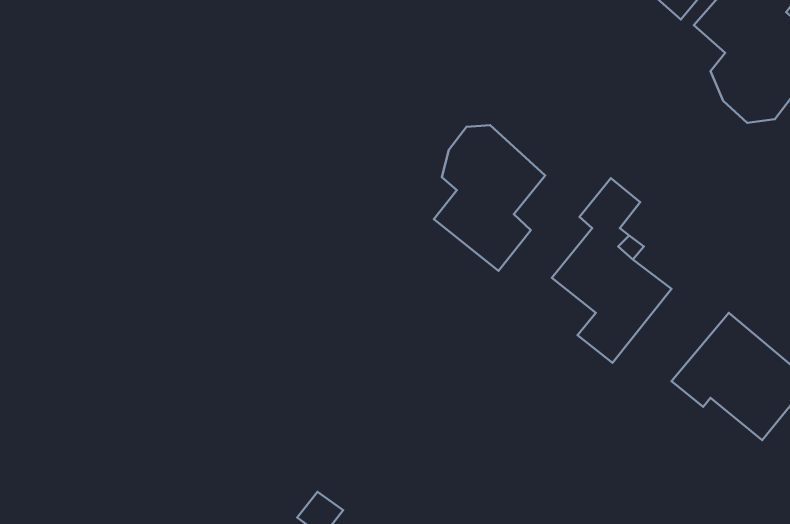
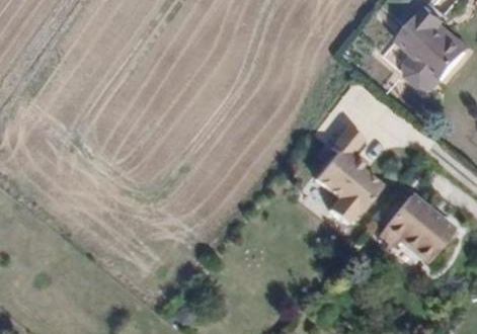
building: [434,125,545,271] -> none

